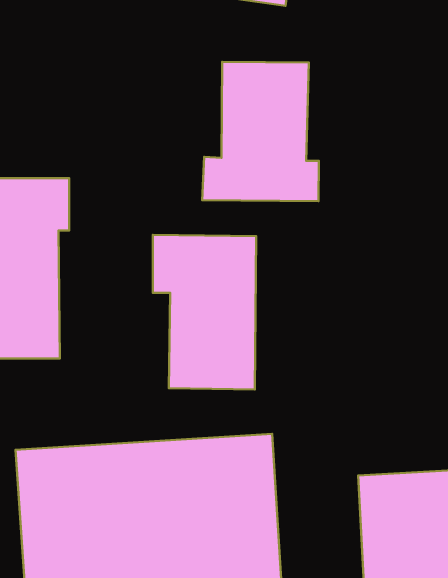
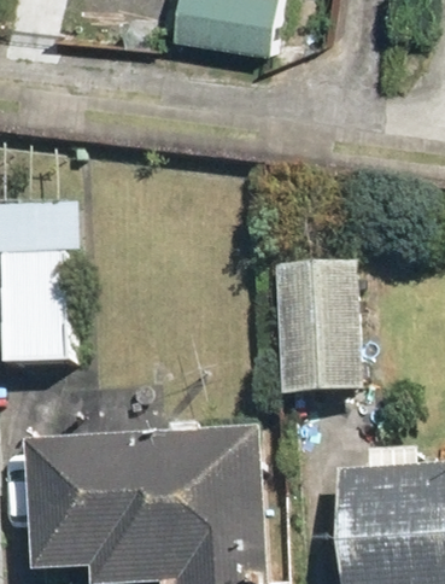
building: [202,62,319,201] -> none
building: [153,235,256,390] -> [263,257,356,396]

